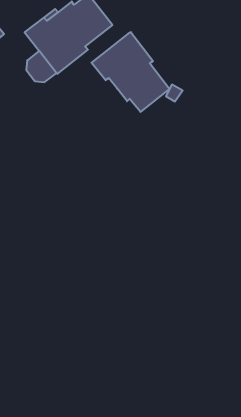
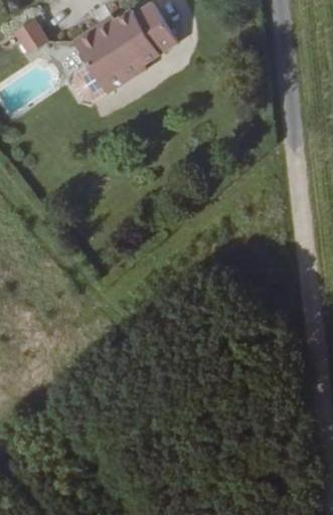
building: [91,32,170,112] -> none

